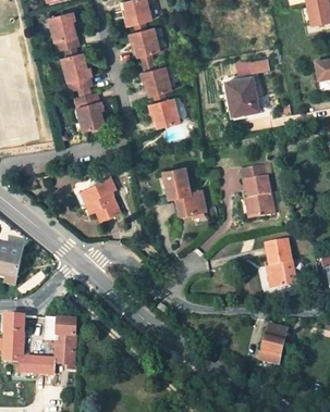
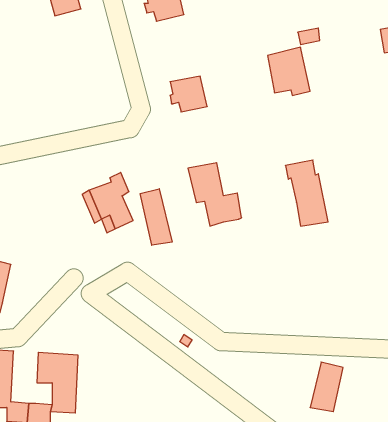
building: [63,54,93,91] -> none
building: [142,66,171,95] -> none
building: [75,93,105,132] -> none
building: none -> [140,189,172,245]
building: [265,239,296,288] -> none

